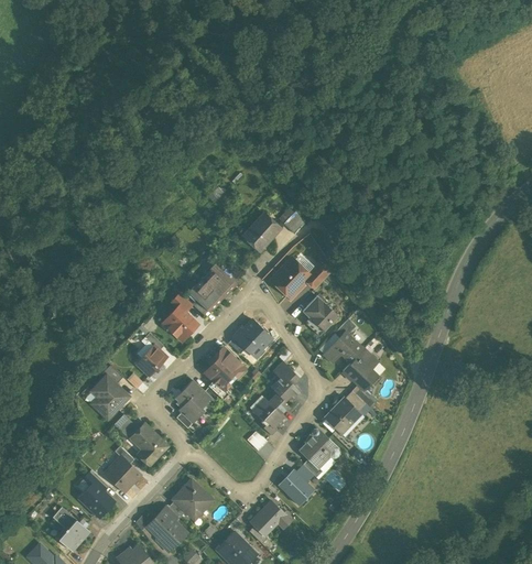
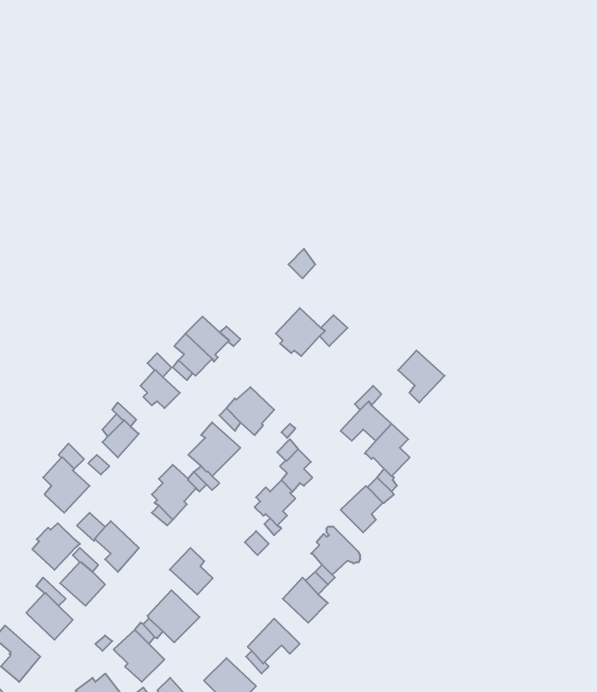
building: [242,214,279,251] -> none
building: [302,296,338,337] -> [398,350,445,403]
building: none -> [32,523,80,570]
building: none -> [170,548,213,595]

